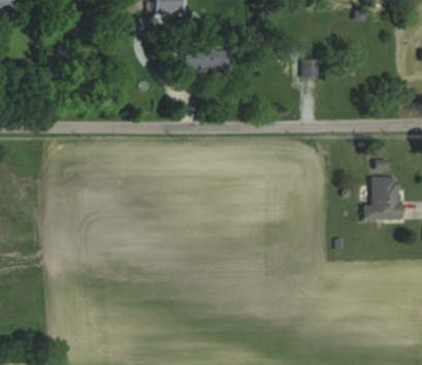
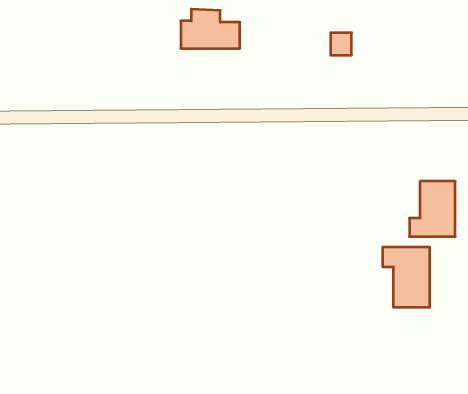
building: none -> [383,247,430,307]

